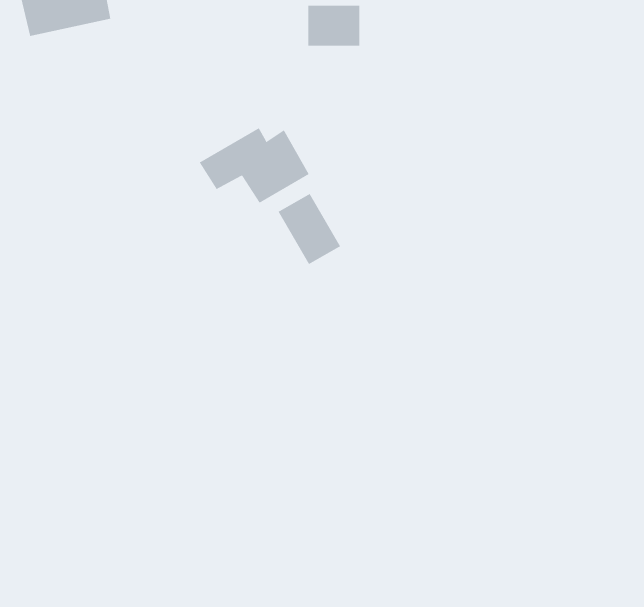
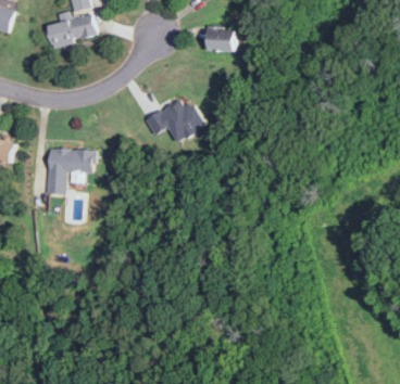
building: [278,193,341,265] -> none
building: none -> [48,148,96,194]

